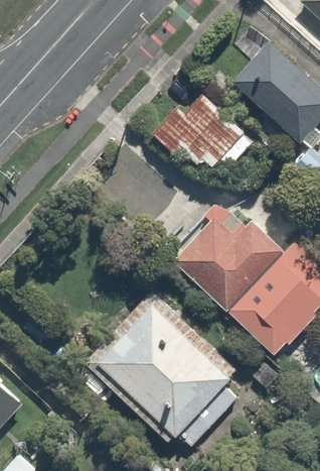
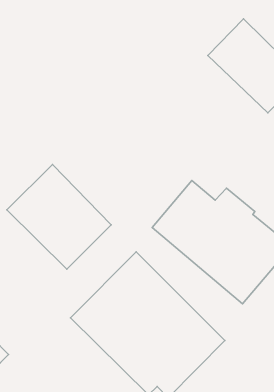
building: [153,91,255,170] -> none
building: none -> [7,164,111,269]

